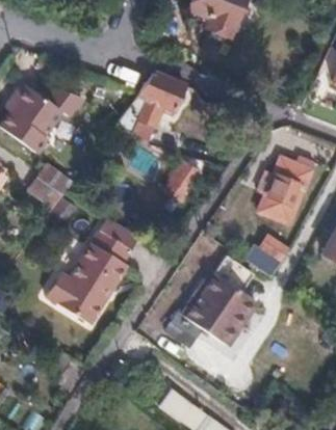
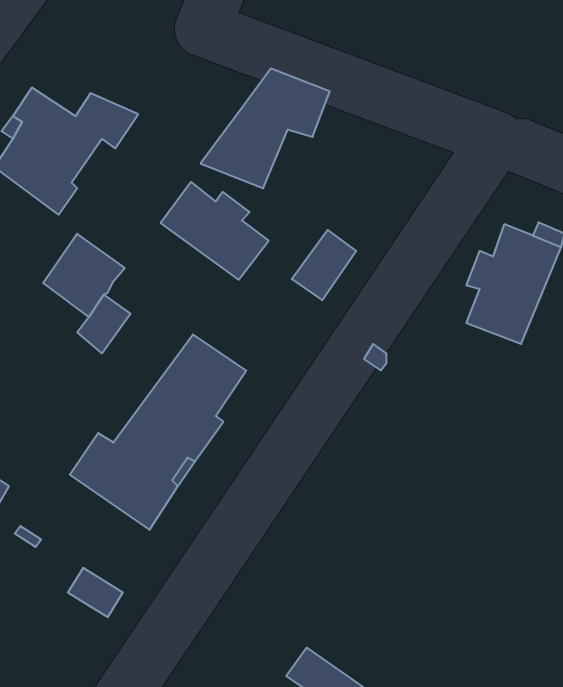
building: none -> [161,182,269,280]
building: [245,236,288,276] -> none
building: [167,259,255,348] -> none

